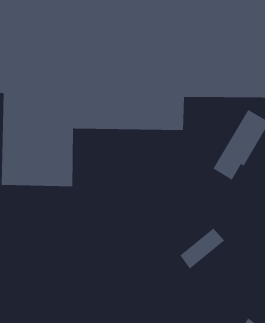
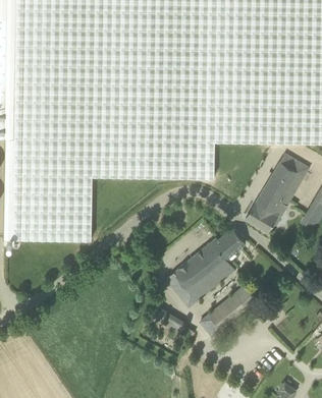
building: none -> [165,227,246,306]

